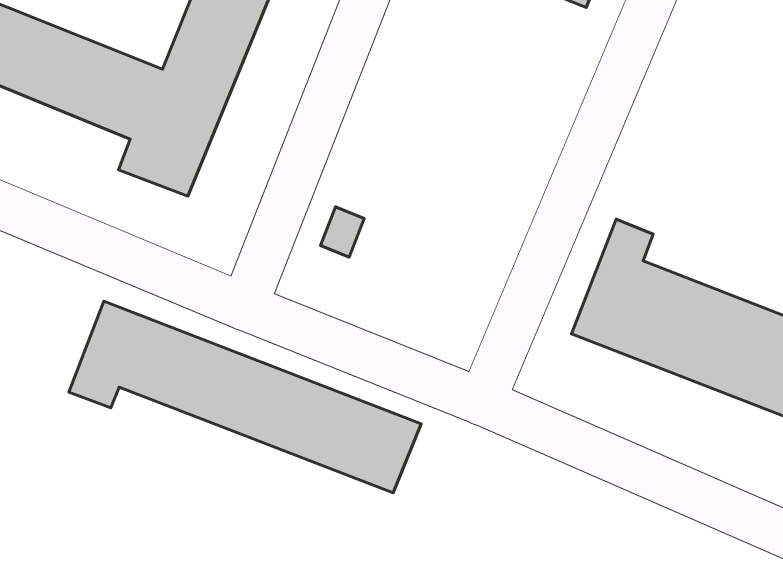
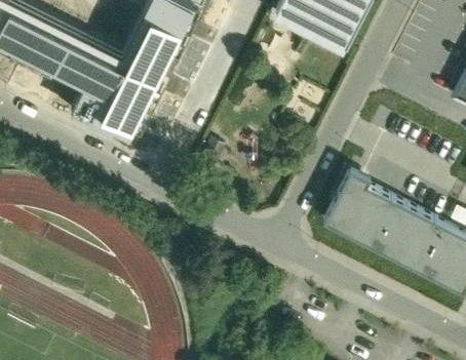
building: [69,301,421,493] -> none

